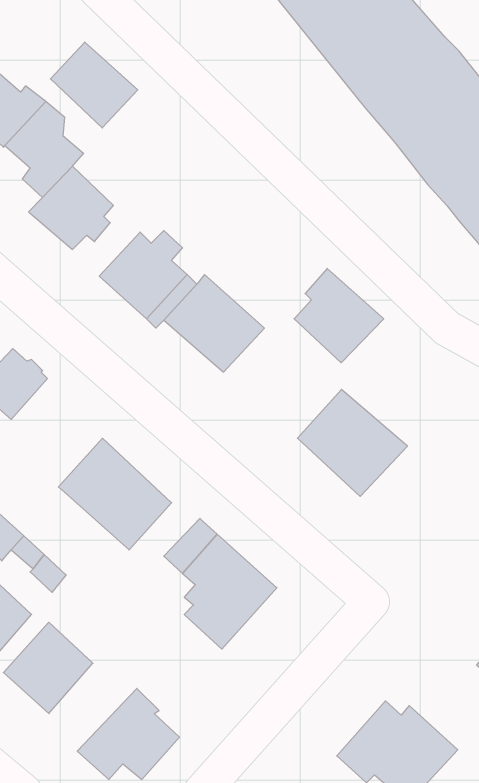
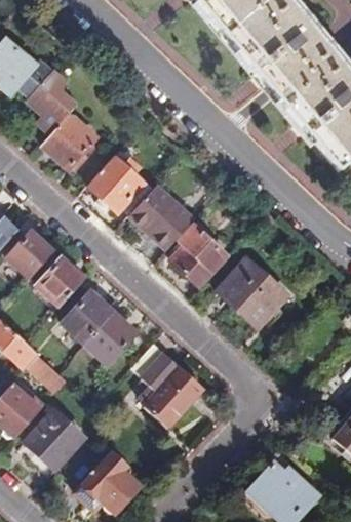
building: [50,42,138,128] -> none
building: [294,268,384,363] -> [170,226,229,287]
building: none -> [36,257,84,307]

